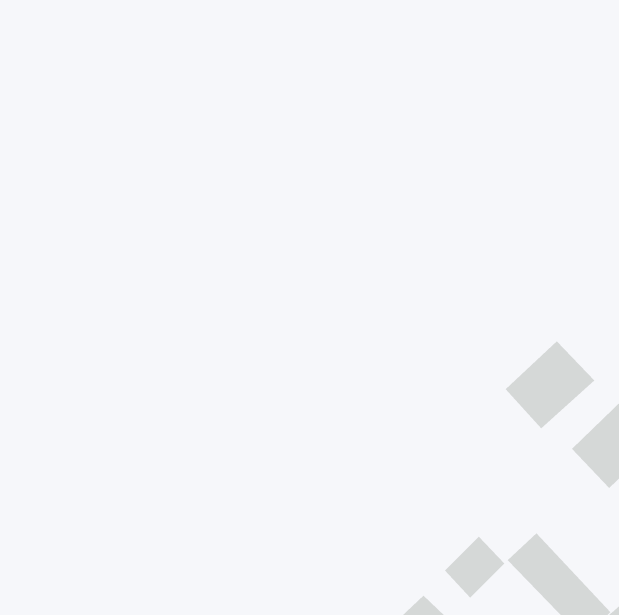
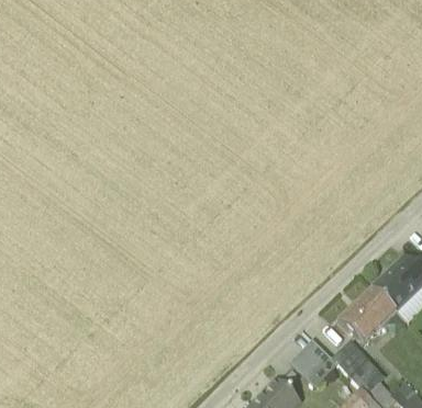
building: [505,340,595,429] -> [340,287,397,343]

